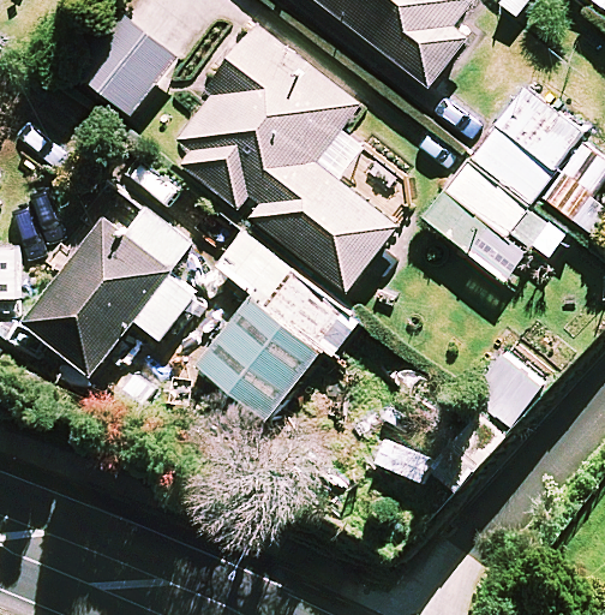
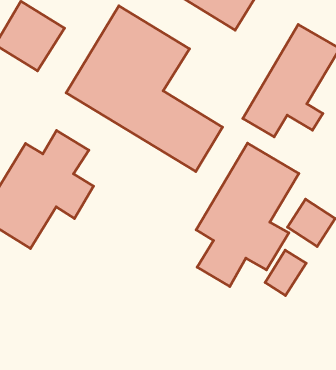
building: [198,233,357,419] -> none
building: none -> [196,143,299,286]

